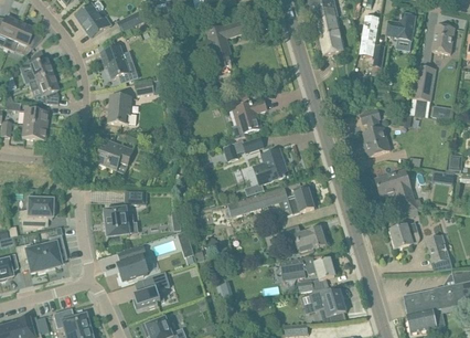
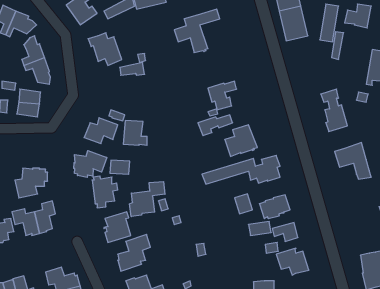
building: [109,95,136,123] -> [123,121,147,145]
building: none -> [74,151,107,177]
building: none -> [130,182,165,217]
building: [391,218,419,247] -> none

